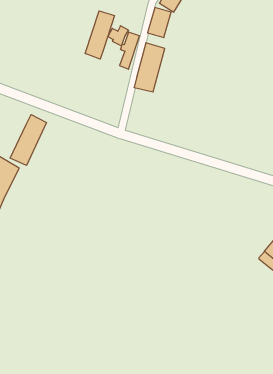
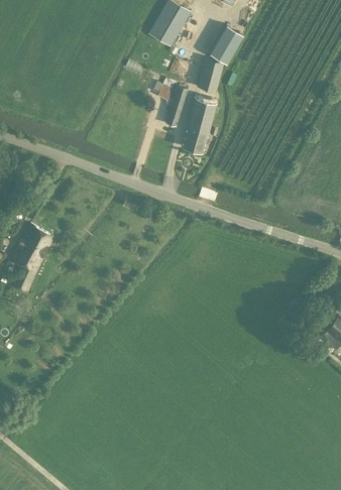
building: [85,11,115,59] -> none
building: [10,115,47,165] -> none

